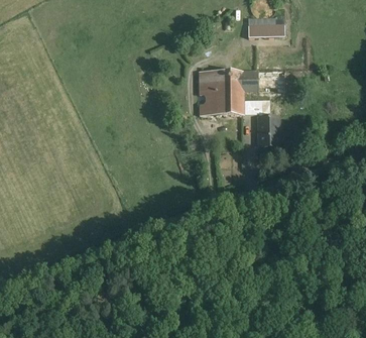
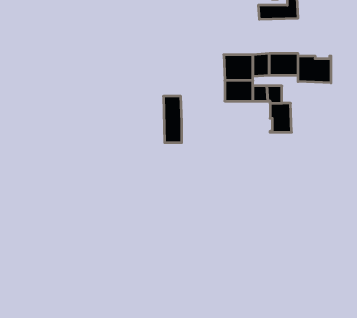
building: [199,71,216,114] -> [163,96,182,143]
building: none -> [298,56,331,83]

